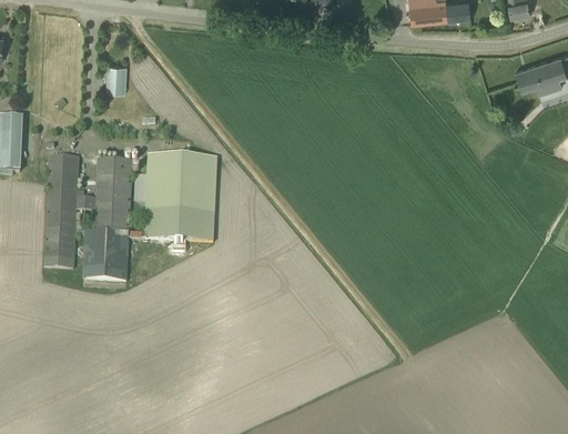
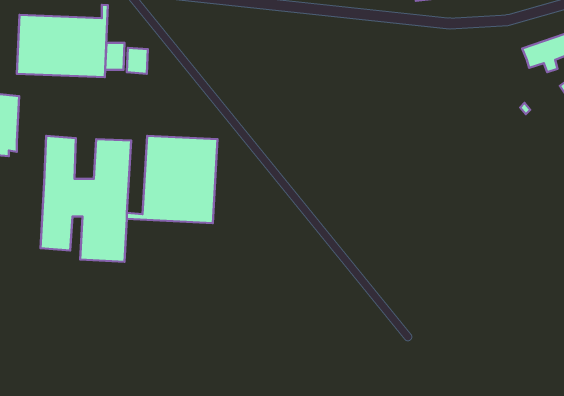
building: none -> [17,5,108,77]
building: none -> [127,48,148,74]

